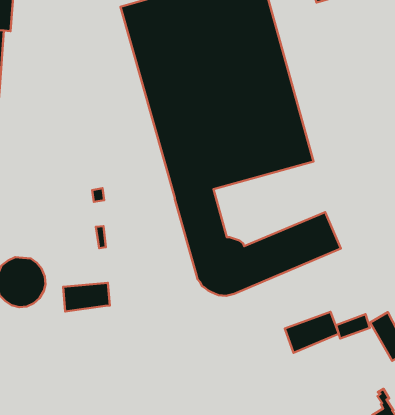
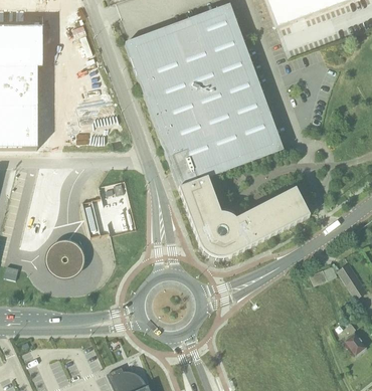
building: [63,283,110,311] -> none
building: [285,312,339,353] -> none

